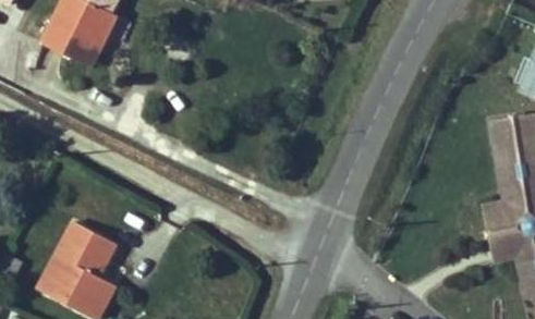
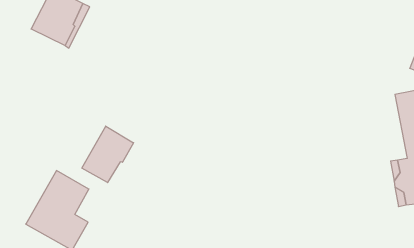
building: none -> [82,126,134,183]

